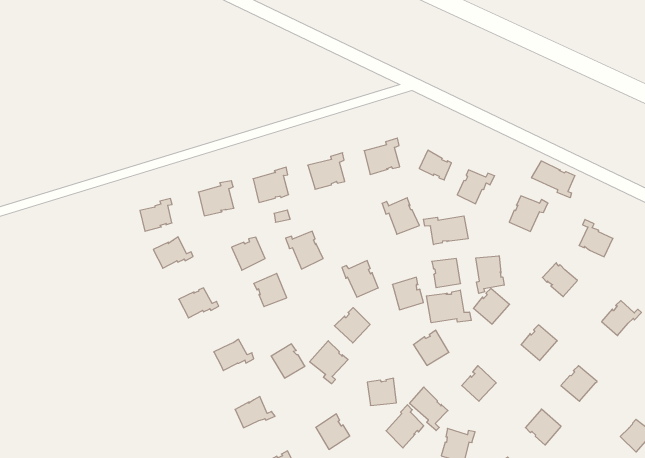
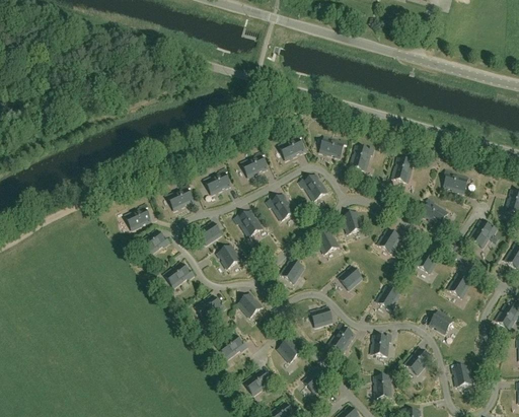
building: [532,161,575,198] -> none
building: [423,216,468,245] -> none
building: [476,256,504,293] -> none
building: [342,261,378,297] -> [267,194,295,221]
building: [426,290,471,323] -> none
building: [310,341,348,384] -> none
building: [410,387,448,431] -> none

